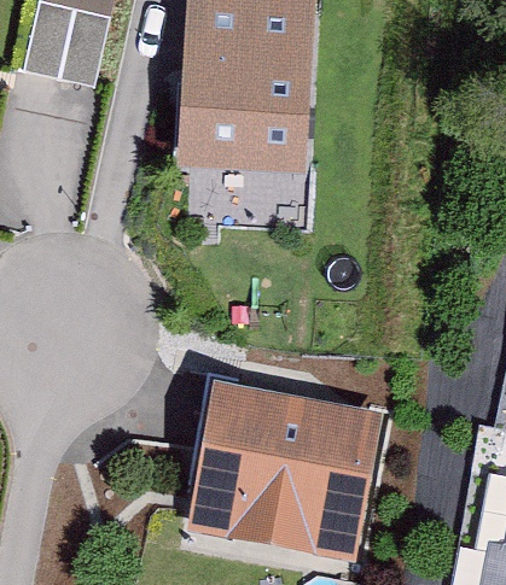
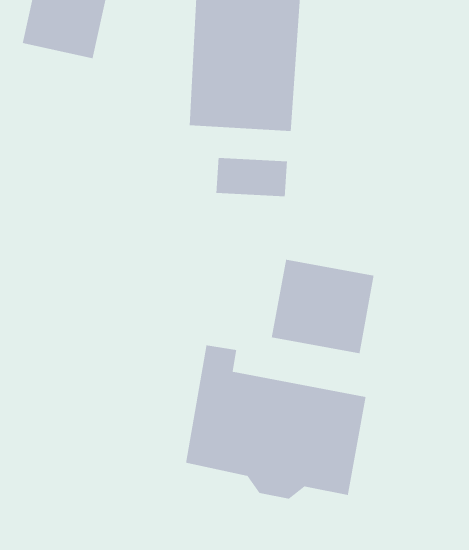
building: none -> [271,259,375,354]

